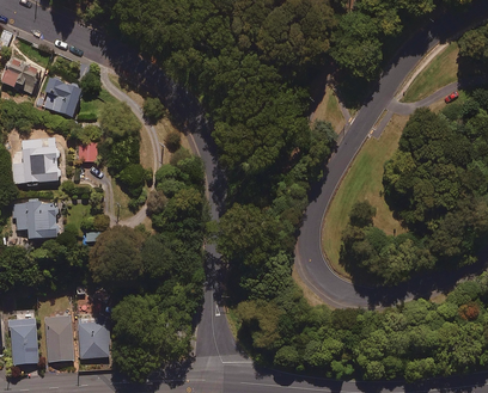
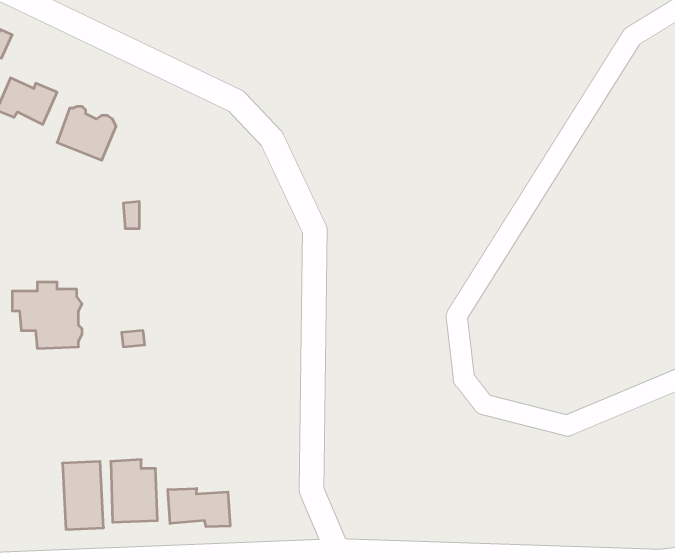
building: [12,139,60,184] -> none
building: [11,319,38,366] -> none
building: none -> [168,488,230,527]

